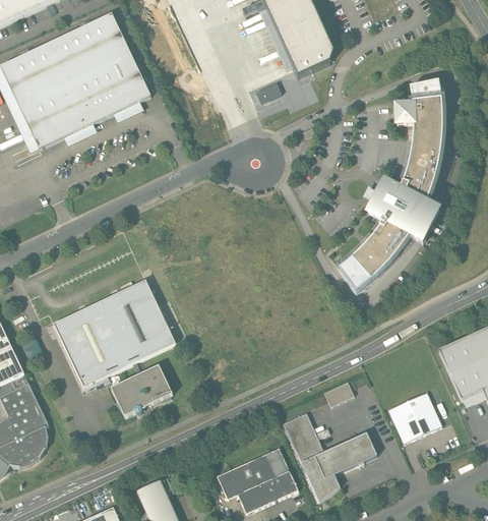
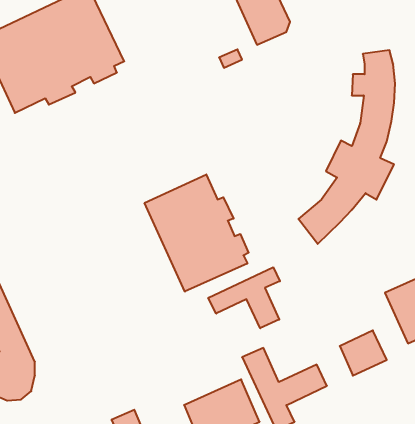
building: none -> [145,174,249,292]
building: [55,280,178,390] -> none
building: none -> [208,267,280,328]
building: [115,363,176,417] -> none

